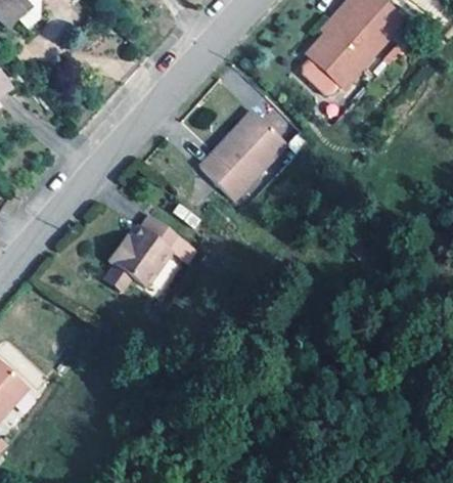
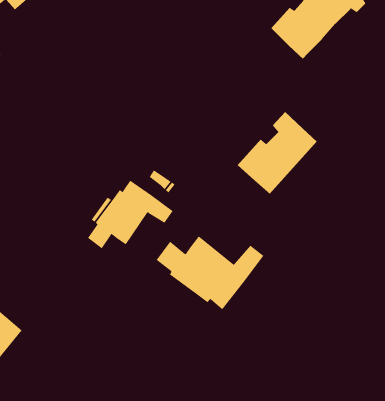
building: [197,108,284,199] -> [237,111,317,195]
building: none -> [156,235,264,310]

